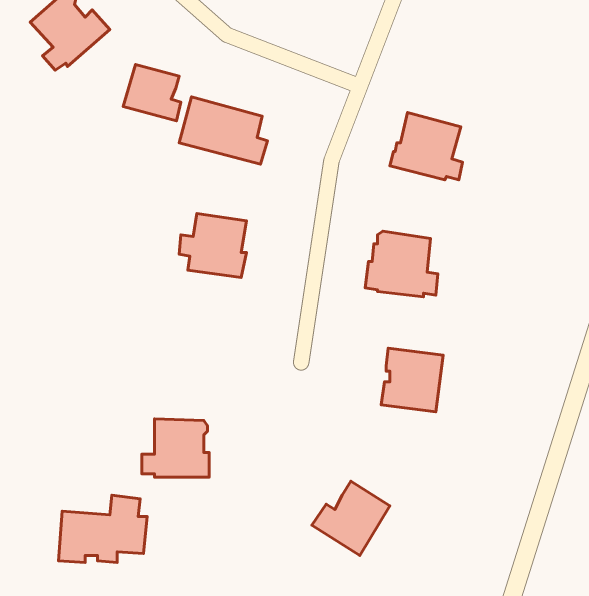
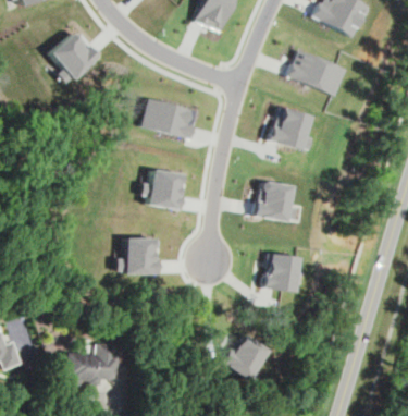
building: none -> [289,50,348,96]
building: [123,64,181,121] -> none
building: [142,419,209,477] -> [115,237,157,273]

